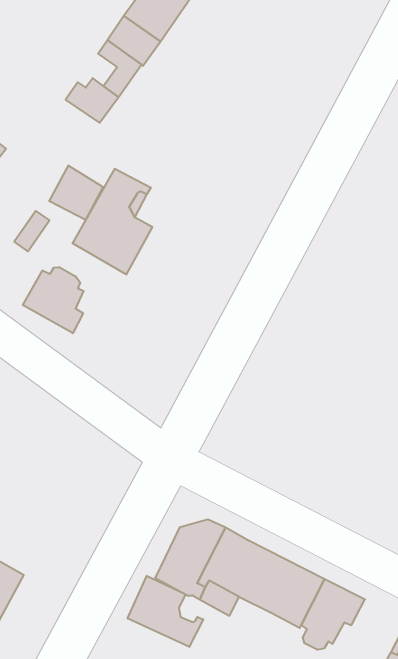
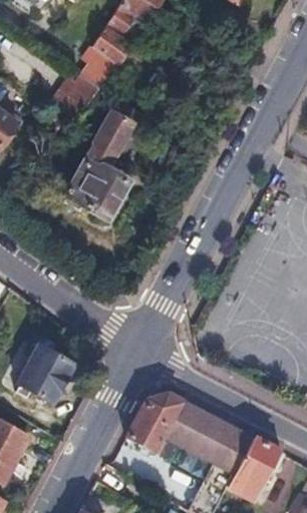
building: [49,166,103,220] -> [94,111,134,151]
building: [23,267,84,333] -> none
building: none -> [16,348,70,403]
building: [128,576,203,647] -> none

